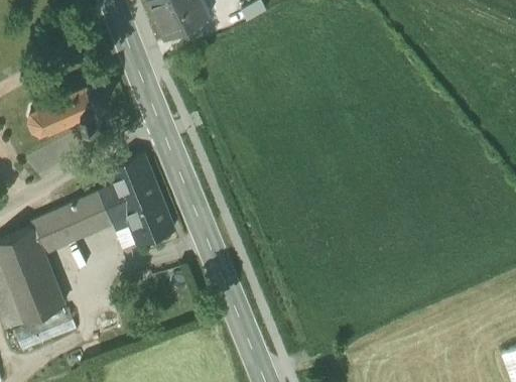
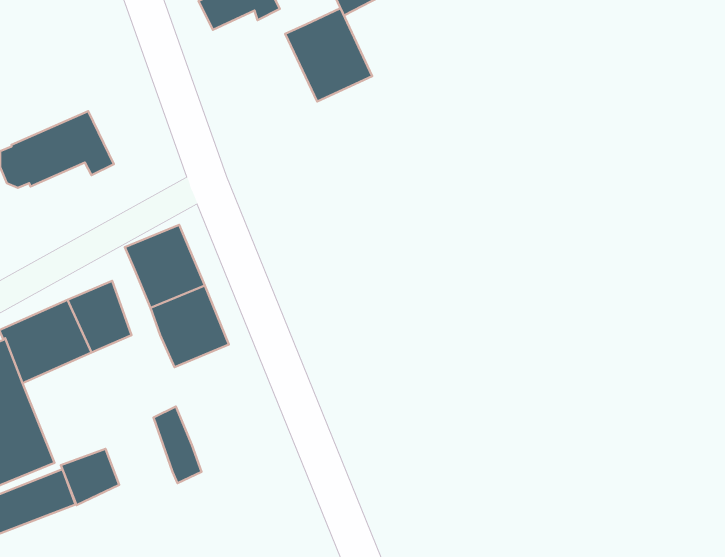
building: none -> [285,8,372,102]
building: [101,183,131,232] -> [153,406,201,483]
building: none -> [61,449,119,505]

